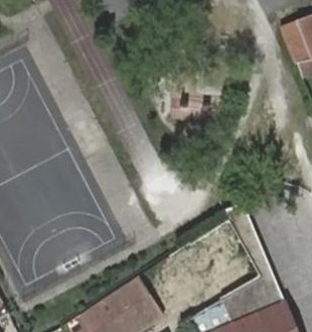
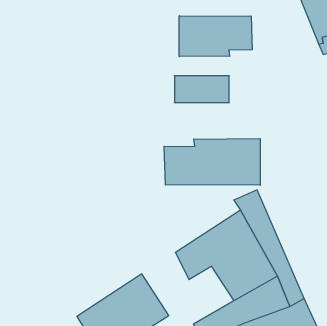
building: none -> [179,16,252,57]
building: none -> [164,139,260,185]

